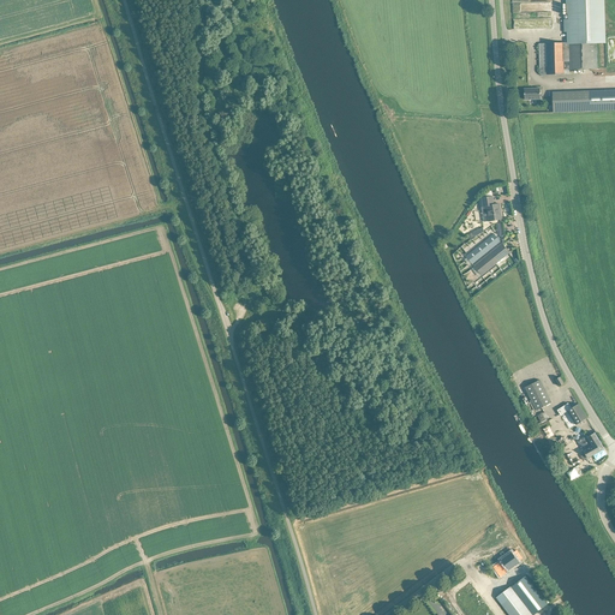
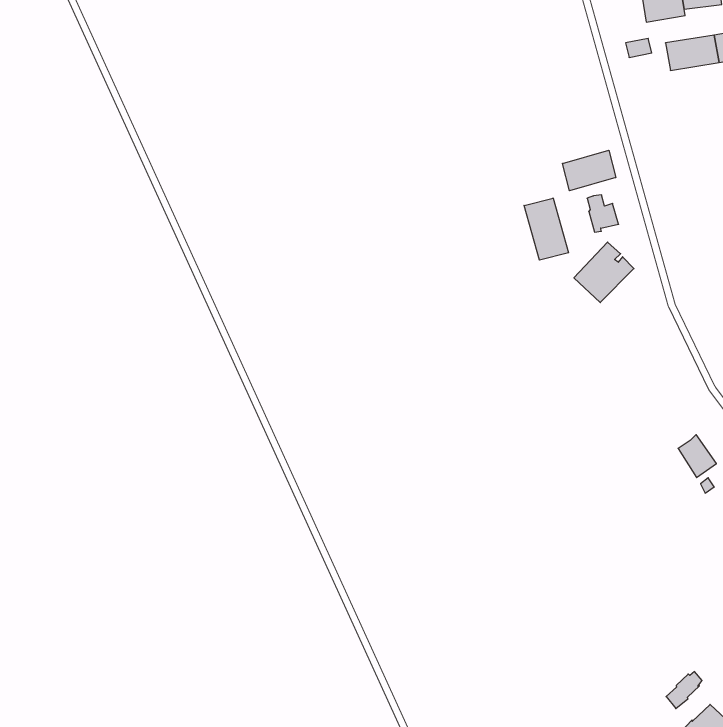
building: none -> [562,150,616,191]
building: none -> [524,198,569,260]

